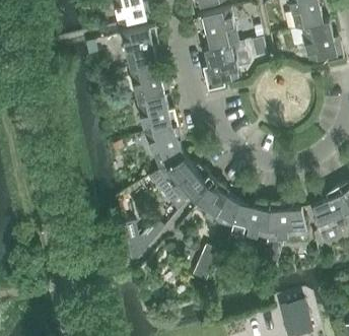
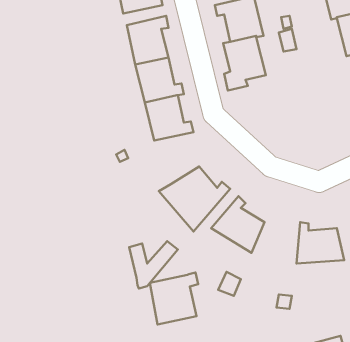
building: [145,125,184,170] -> none
building: [228,201,270,238] -> none
building: none -> [150,273,198,325]

